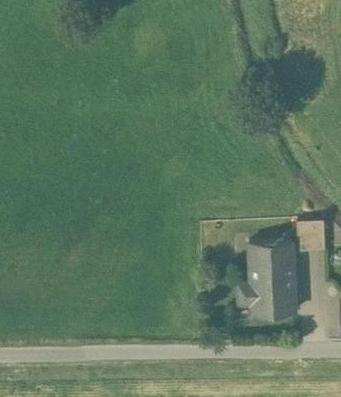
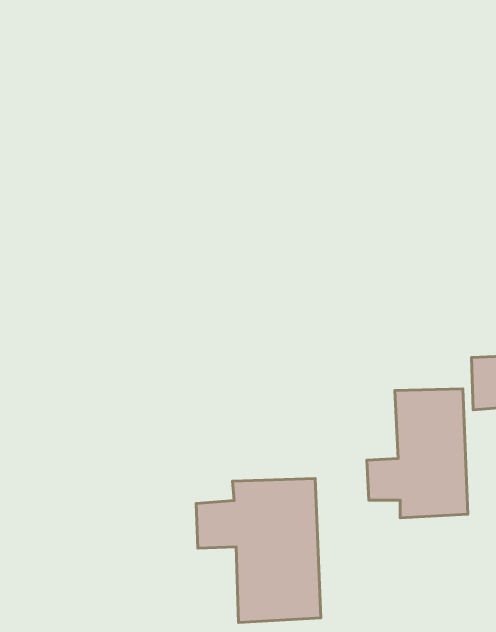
building: none -> [196,479,321,623]

